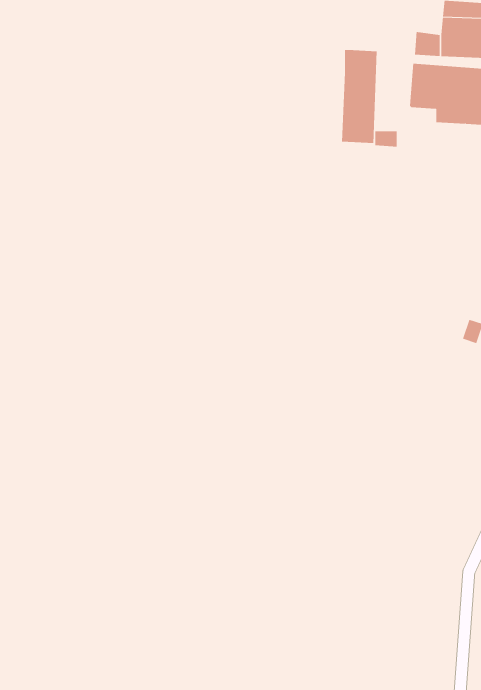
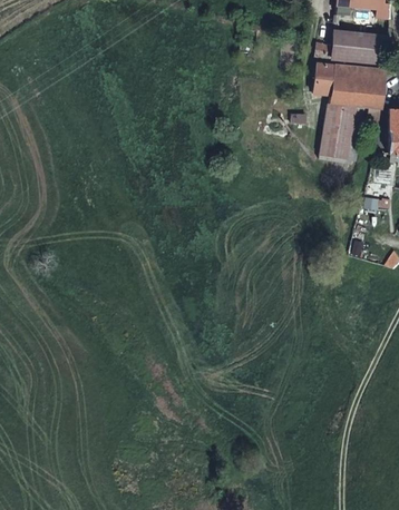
building: [341,49,377,144] -> [325,106,350,169]

